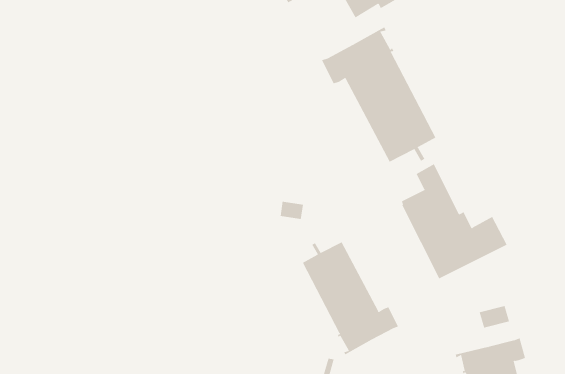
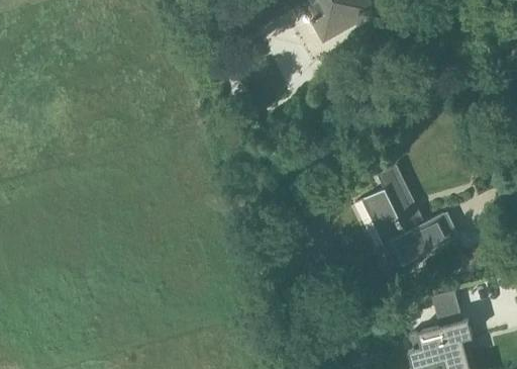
building: [321,27,436,163] -> none
building: [302,241,399,355] -> none

